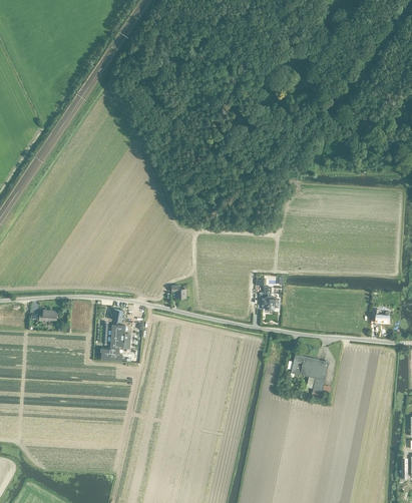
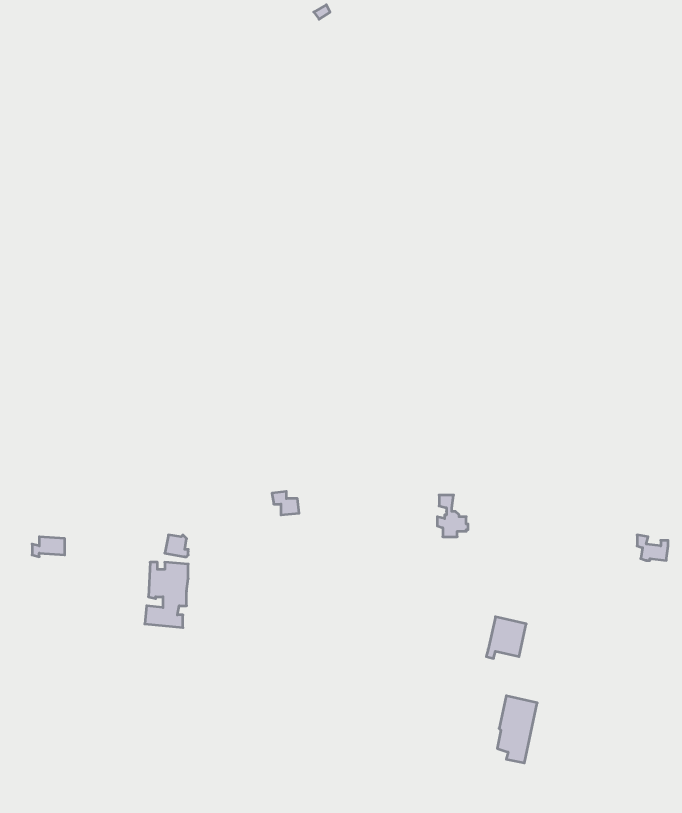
building: [307,359,329,396] -> [497,696,537,763]

